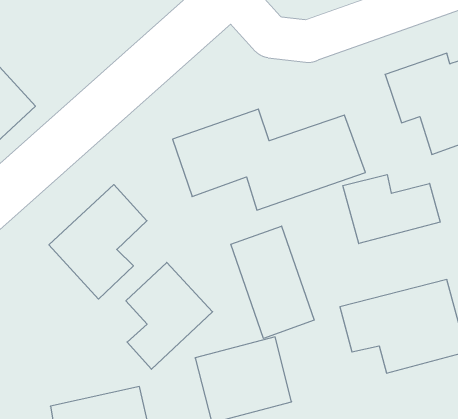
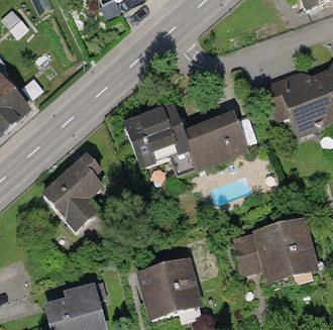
building: [343,175,440,244] -> none
building: [231,226,314,338] -> none
building: [126,262,213,369] -> none

